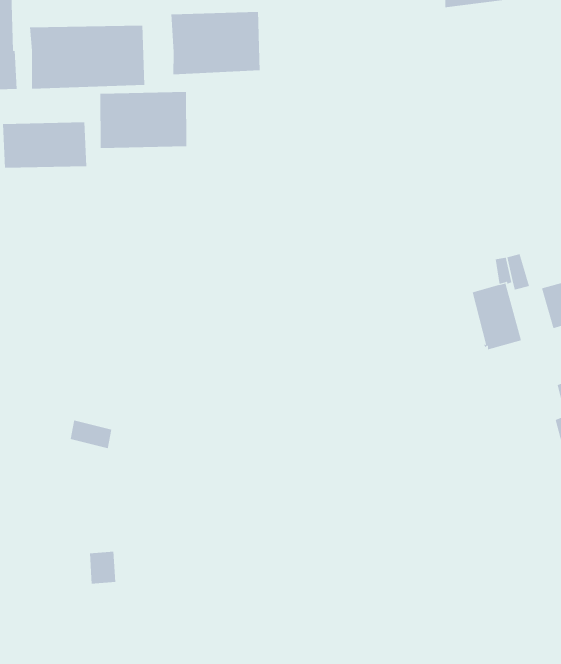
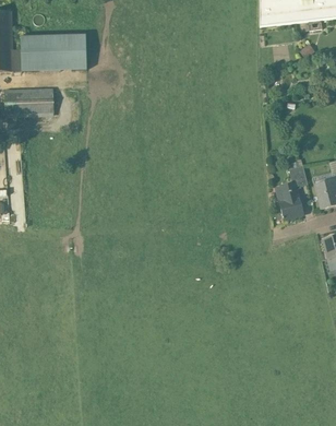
building: [171,11,260,75] -> none
building: [100,91,187,149] -> none

